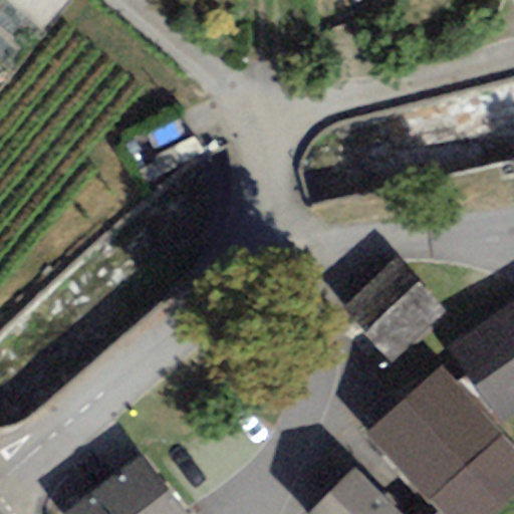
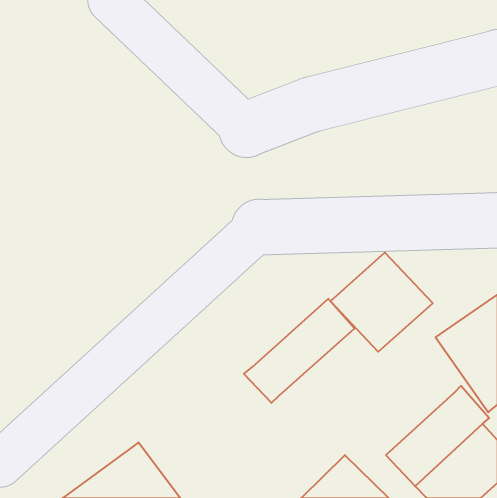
building: none -> [244,299,354,403]
building: [367,364,476,469] -> none

